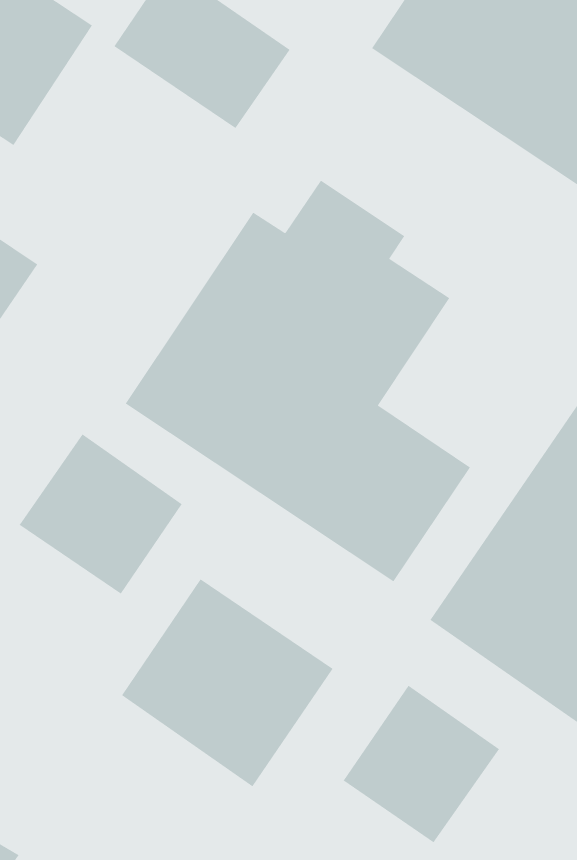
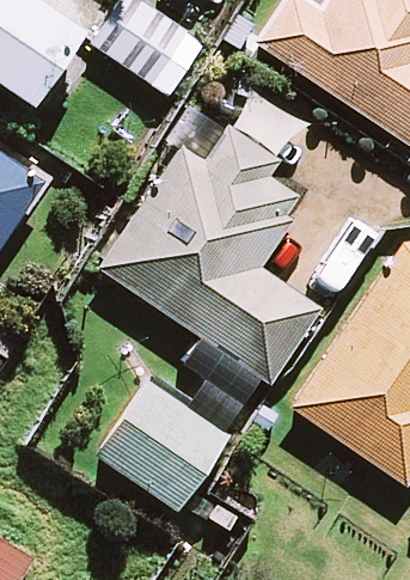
building: [19,434,183,594] -> none
building: [343,685,500,843] -> none

